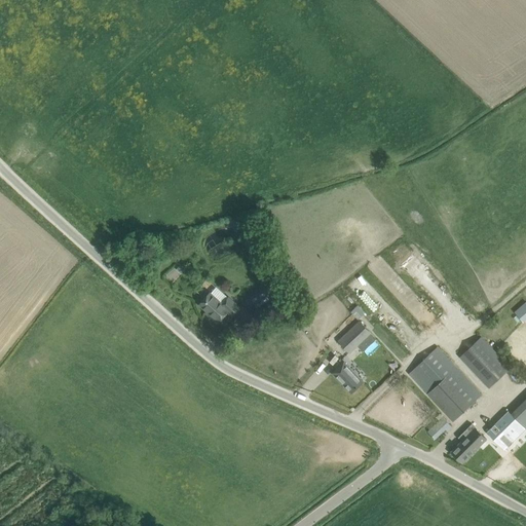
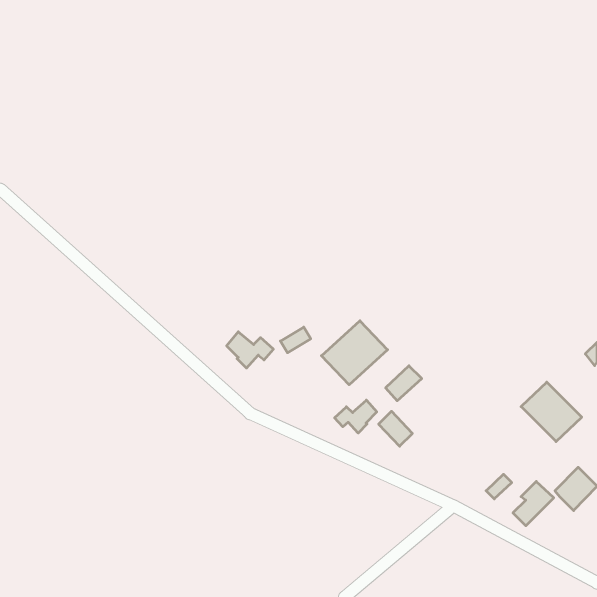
building: none -> [321,321,388,385]
building: [409,347,482,421] -> none
building: none -> [335,400,377,433]

